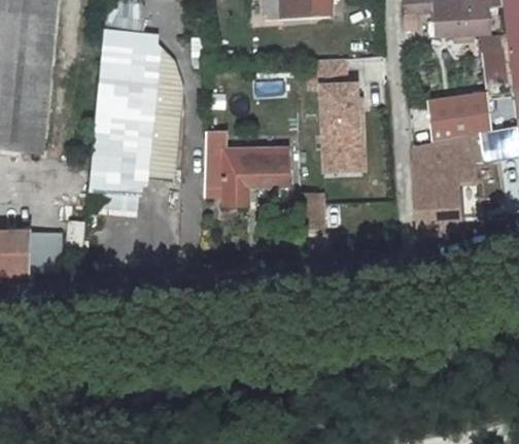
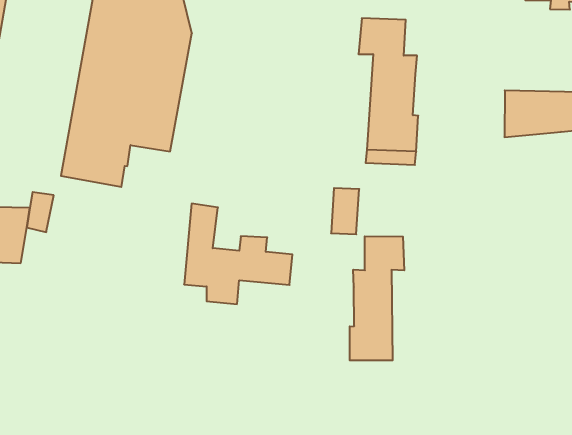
building: [208,129,289,203] -> [184,204,292,304]
building: [412,131,478,230] -> none
building: none -> [350,236,404,360]

